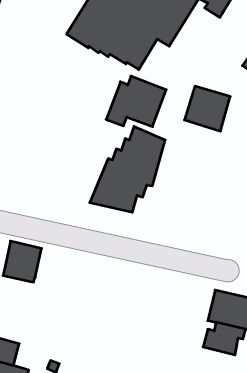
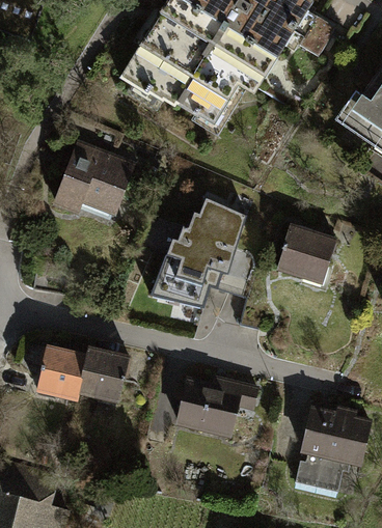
building: [106,76,166,127] -> [56,147,134,213]
building: [184,86,230,131] -> [276,225,335,283]
building: none -> [80,350,129,401]
building: none -> [180,380,242,434]

